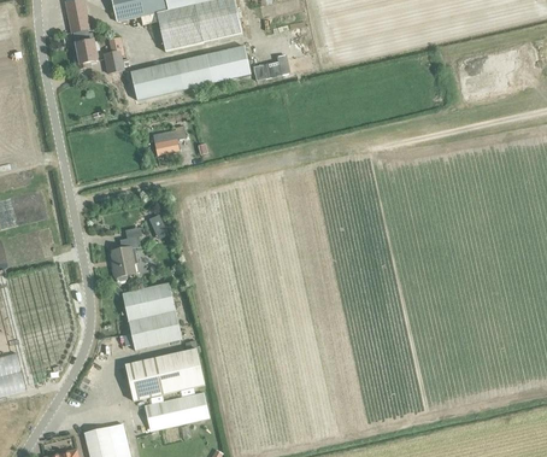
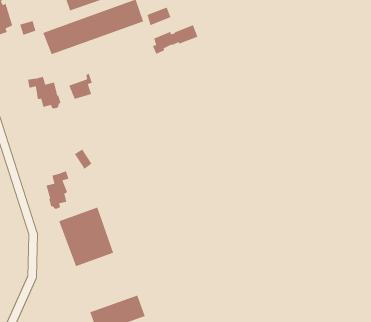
building: none -> [152,24,199,55]
building: none -> [27,76,61,109]
building: [124,347,204,400] -> none

